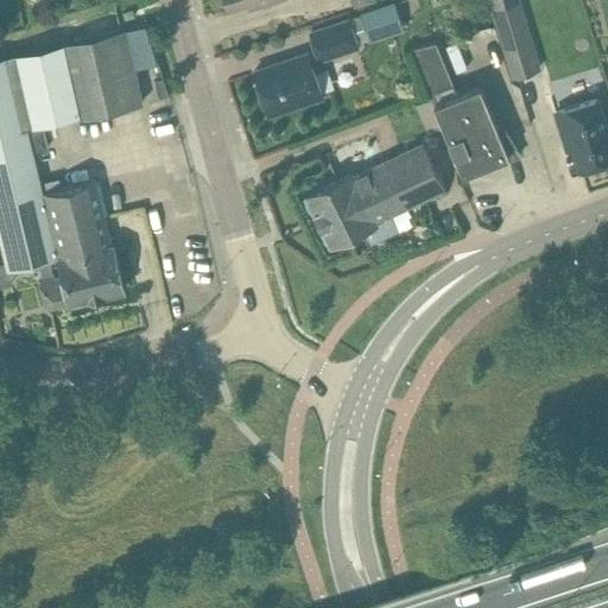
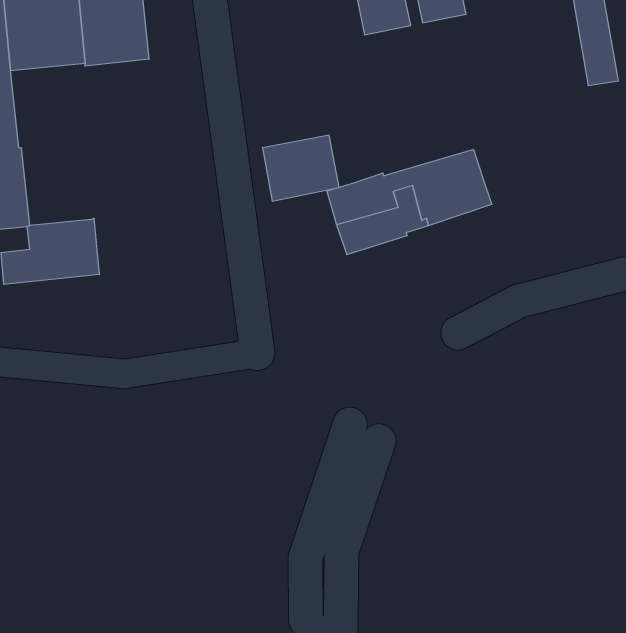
building: [408,48,519,179] -> none
building: [253,57,322,119] -> [262,135,339,201]
building: [44,185,110,261] -> none

